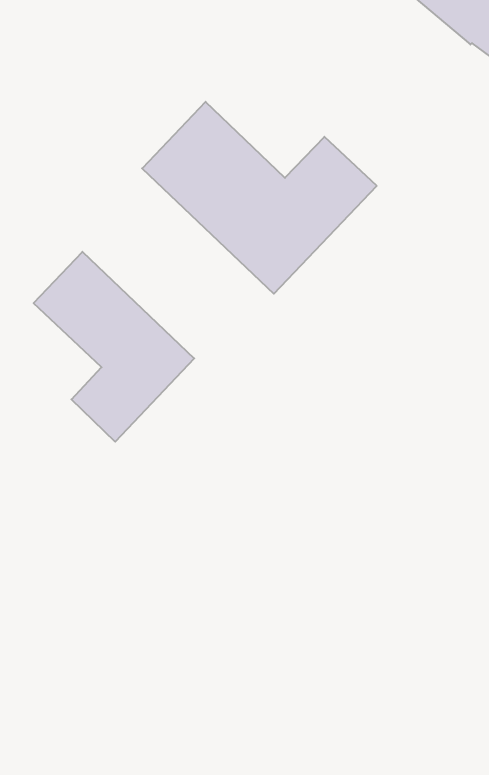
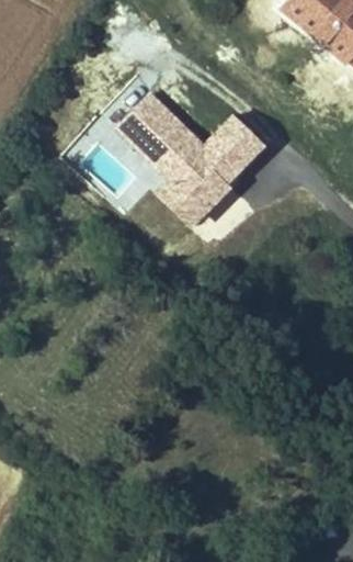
building: [34,252,194,442] -> none

